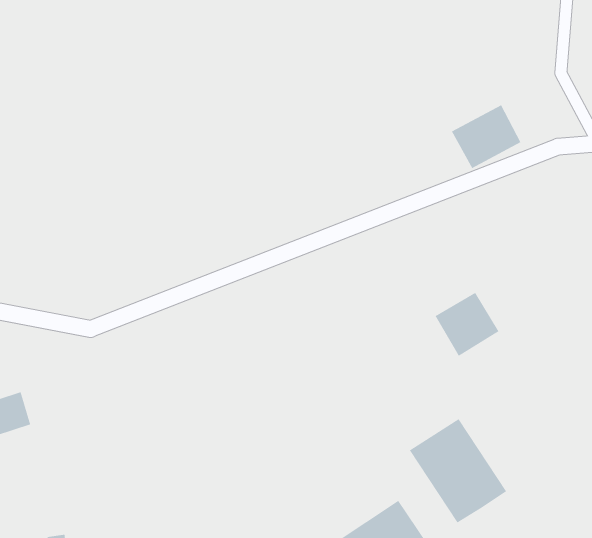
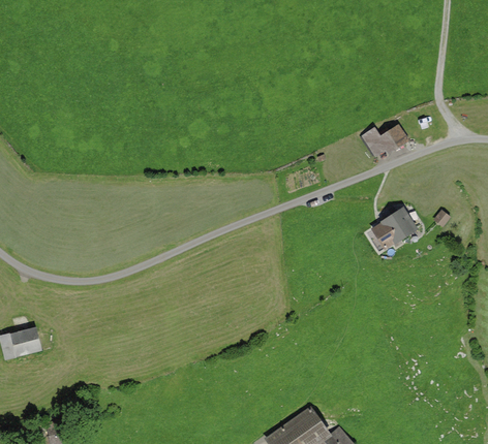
building: [434,292,499,357] -> [373,207,421,254]
building: [409,418,507,523] -> none

